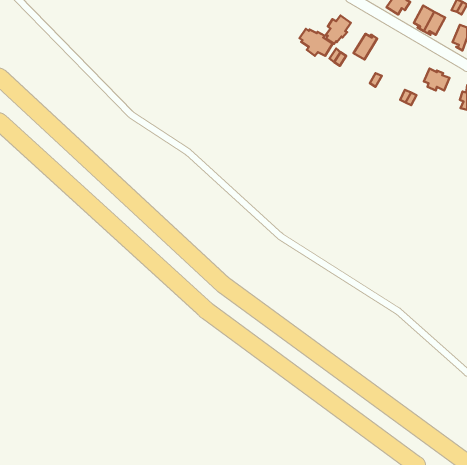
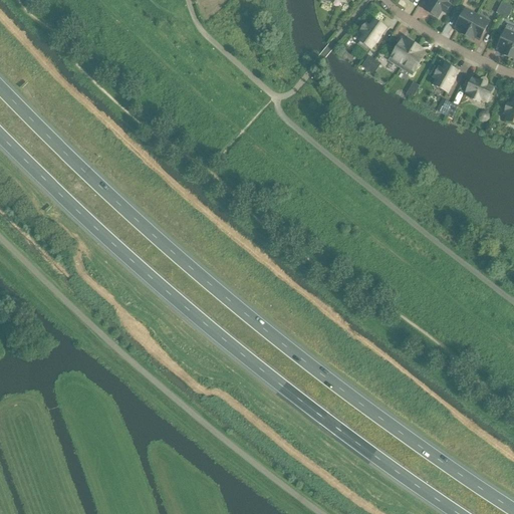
building: [299,29,333,56] -> none
building: none -> [400,42,425,73]
building: none -> [433,62,457,89]

